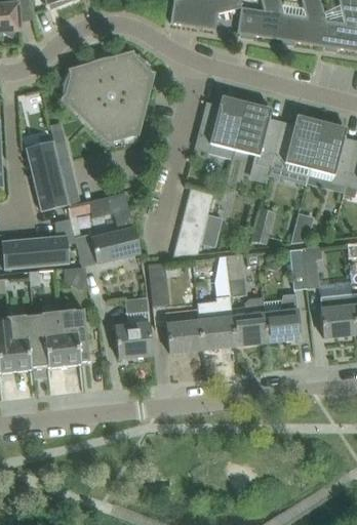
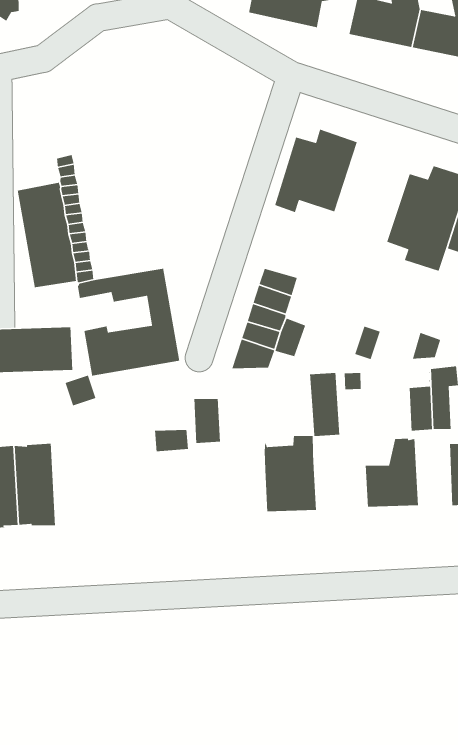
building: [61,51,155,147] -> none
building: [235,103,282,167] -> none
building: [231,297,268,346] -> none
building: [58,309,90,366] -> none
building: [166,321,202,353] -> none
building: [115,323,153,358] -> none

